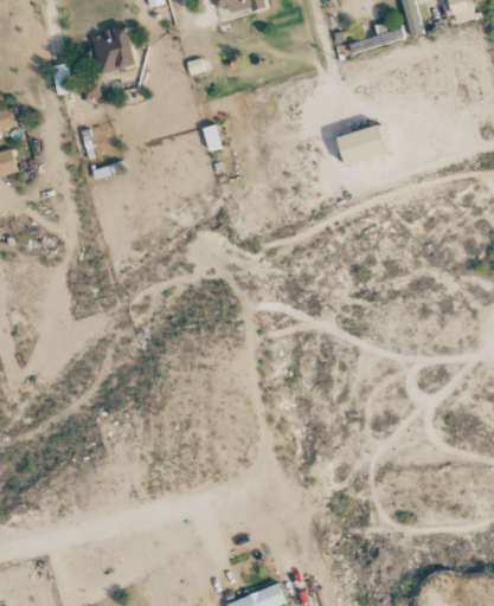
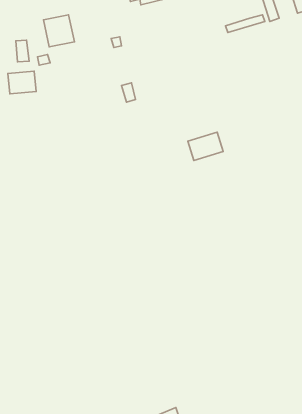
building: none -> [8,71,36,94]
building: [336,124,386,165] -> [188,132,223,161]

